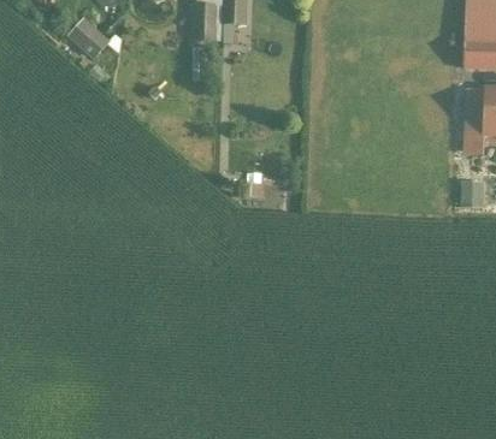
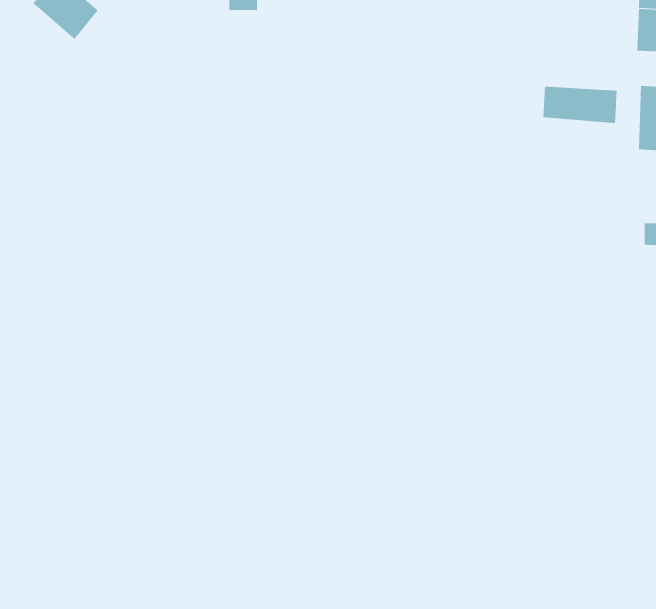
building: none -> [543,86,617,124]

